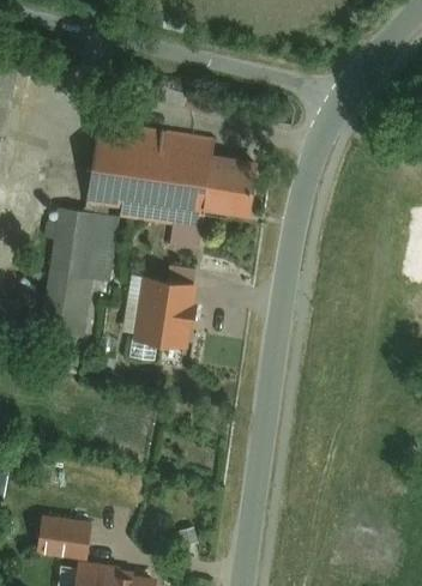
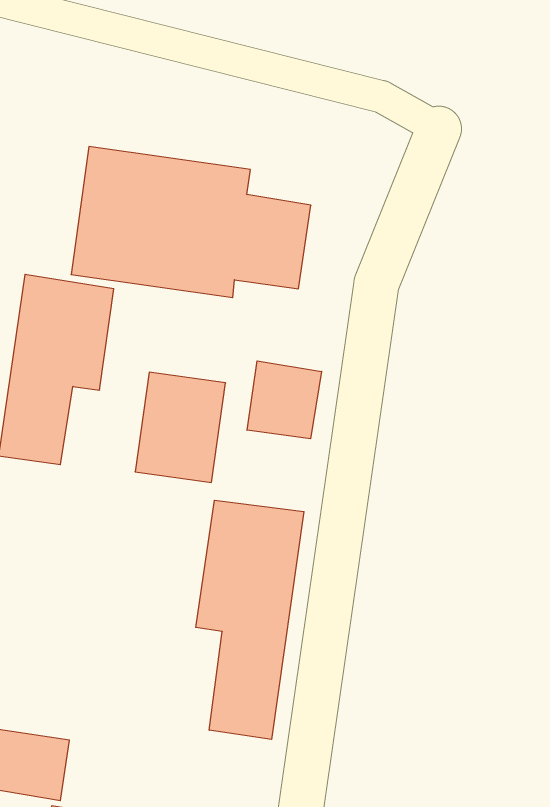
building: none -> [247,361,322,439]
building: none -> [196,500,304,739]

